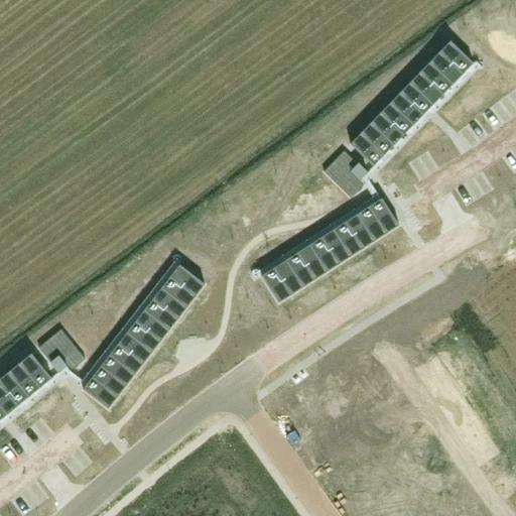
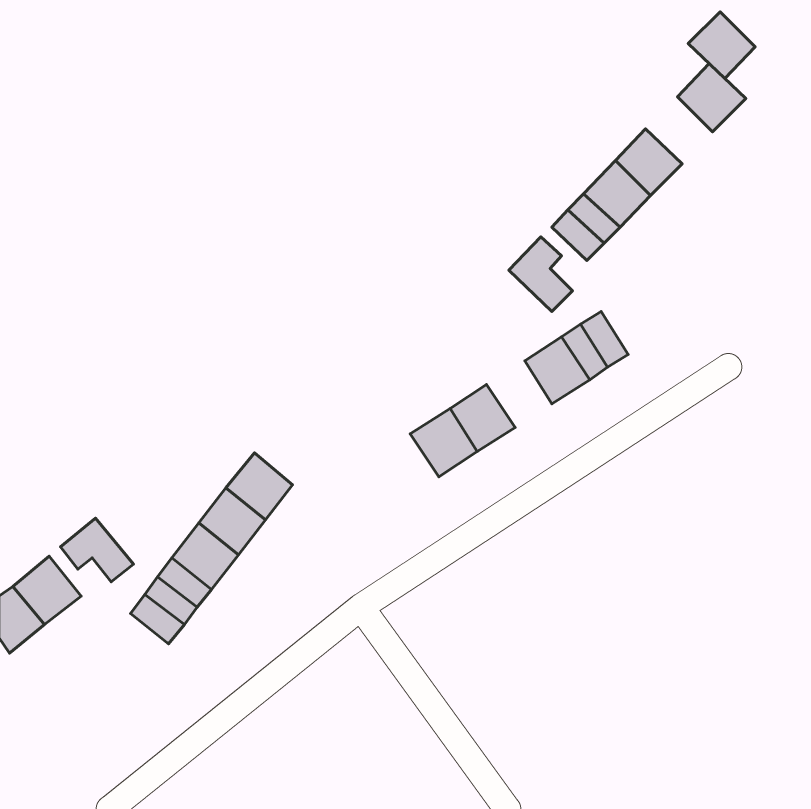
building: [409,61,452,104] -> [688,12,755,78]
building: [308,229,350,271] -> none
building: [161,264,204,307] -> none

